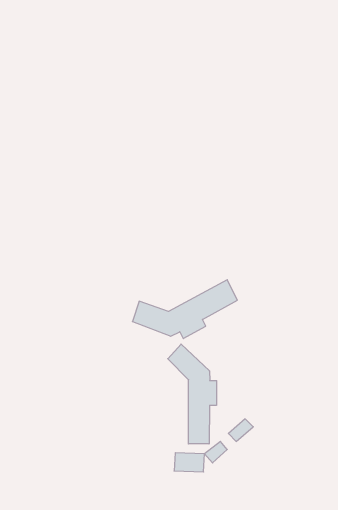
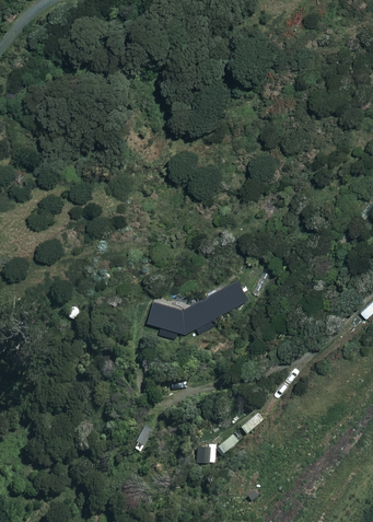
building: [168,344,217,444] -> none

